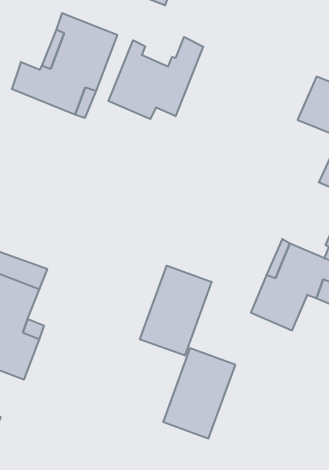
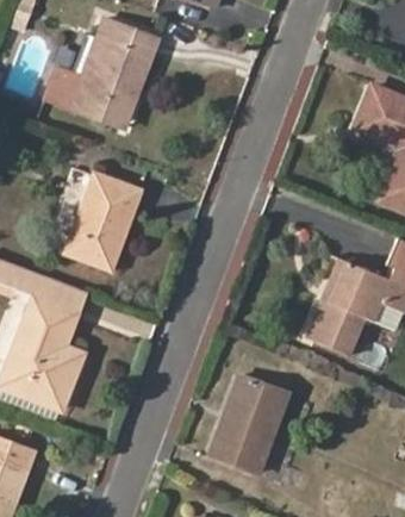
building: [109,37,203,119] -> none
building: none -> [61,170,143,273]
building: [140,266,212,356] -> none

